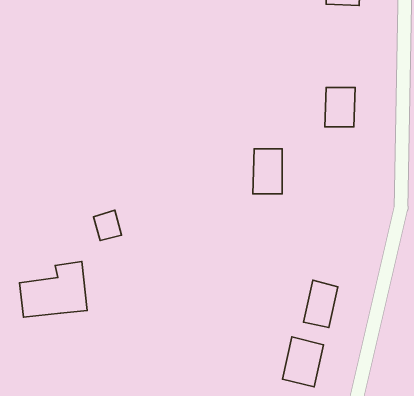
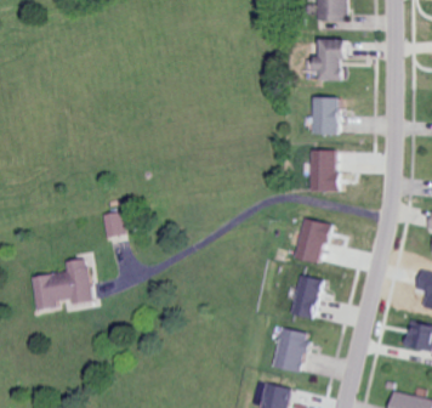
building: none -> [313,39,346,81]
building: [253,149,282,194] -> [311,149,337,191]
building: none -> [296,219,334,262]

